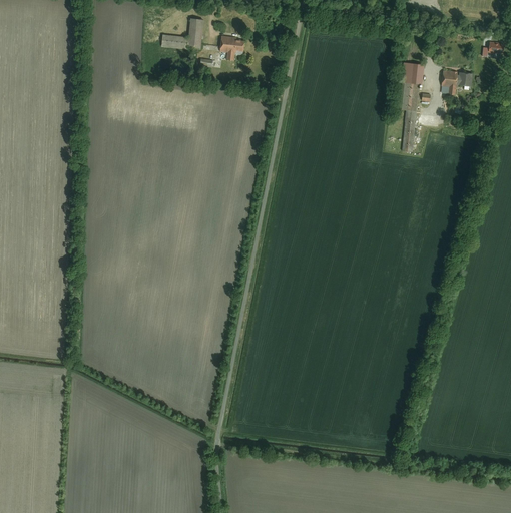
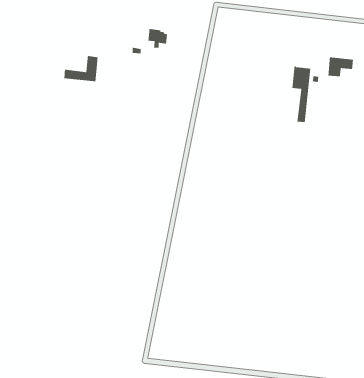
building: [161,17,204,50] -> [63,55,99,82]
building: [402,62,424,84] -> none

